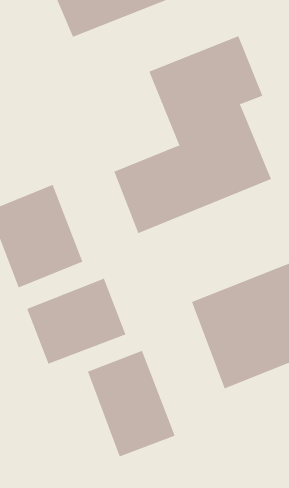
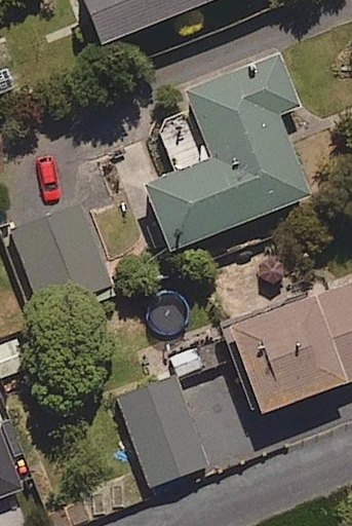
building: [27,278,126,364] -> none

